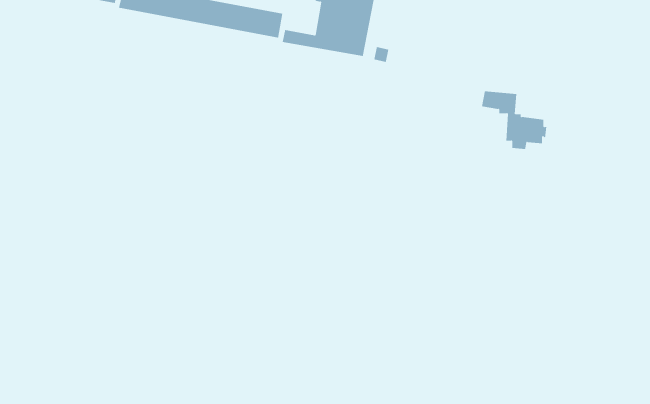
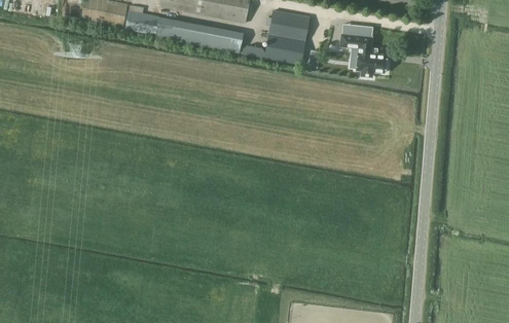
building: [481,91,547,150] -> [339,34,387,76]

